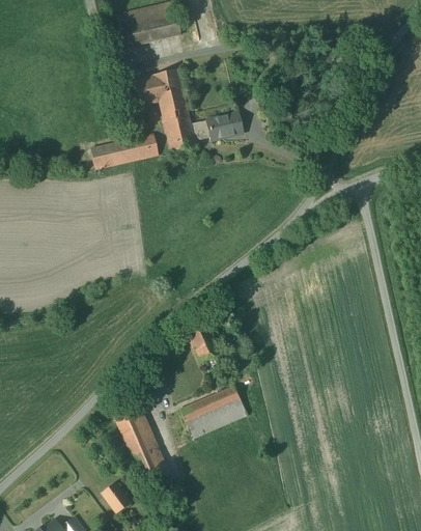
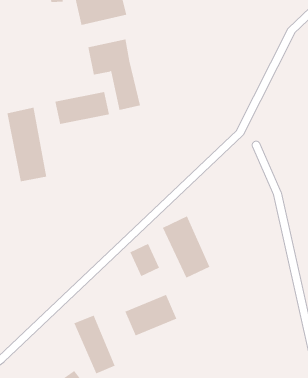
building: [204,109,245,142] -> none
building: none -> [7,107,47,182]
building: none -> [162,215,210,278]

